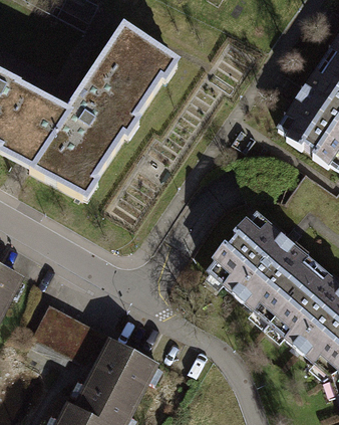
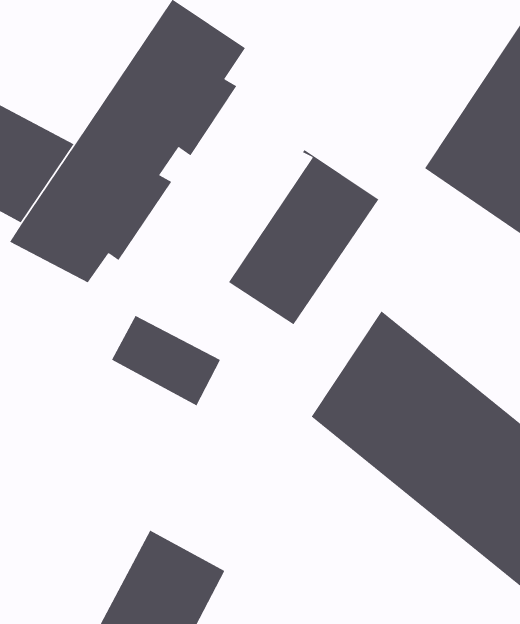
building: none -> [228,149,379,325]
building: [36,304,100,358] -> [111,315,221,406]

